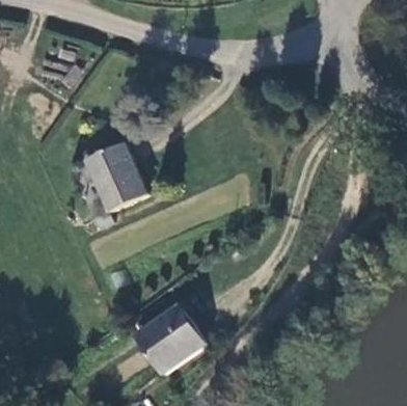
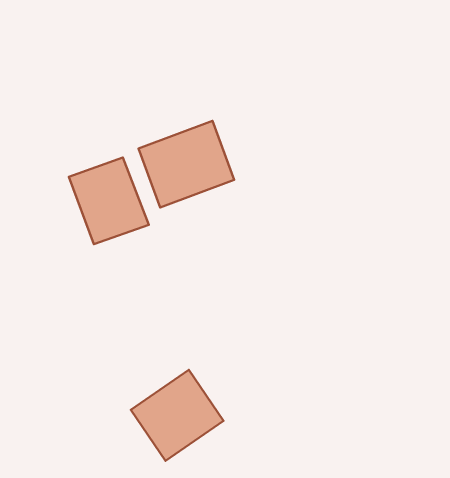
building: none -> [139,121,234,207]

